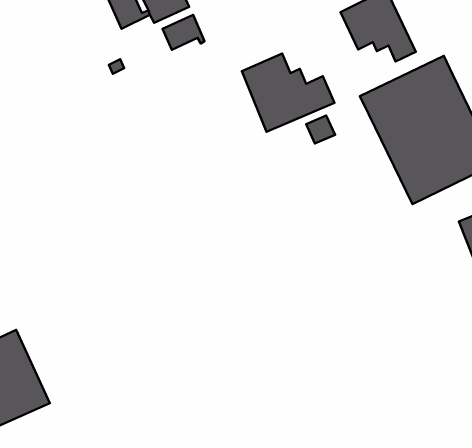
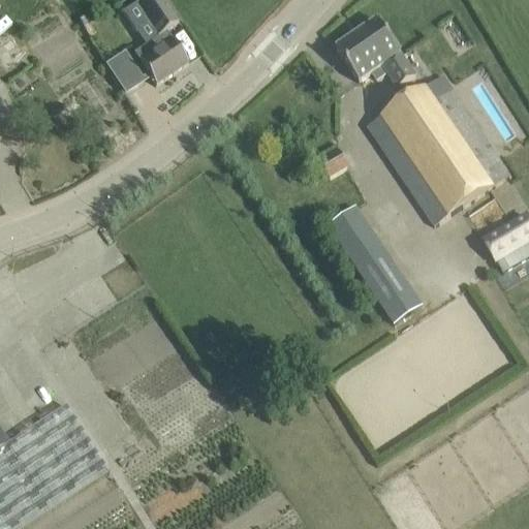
building: [162,15,204,50] -> none
building: [242,54,334,132] -> none
building: none -> [328,205,421,321]

